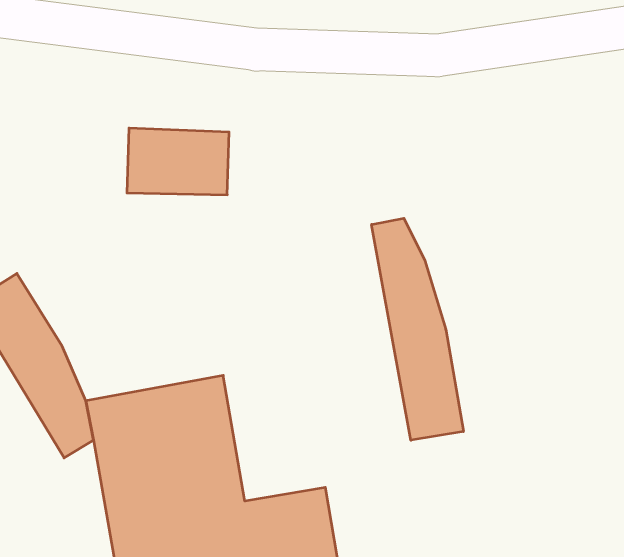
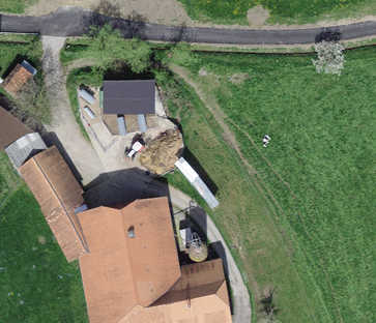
building: [372,218,463,440] -> none

